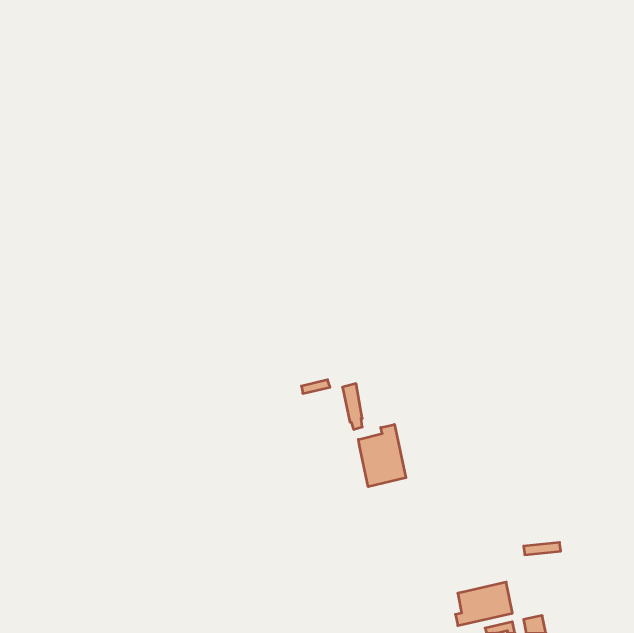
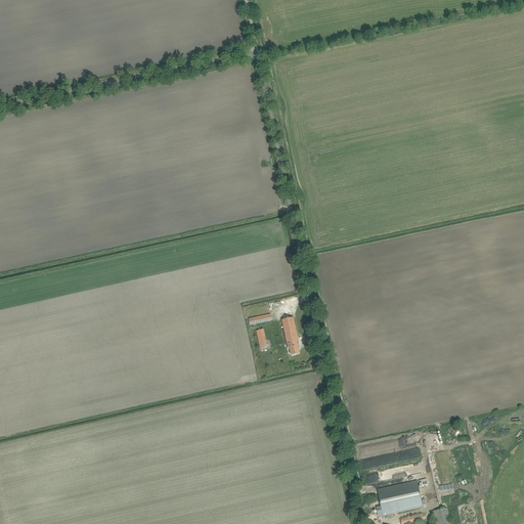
building: [358,424,406,487] -> none

